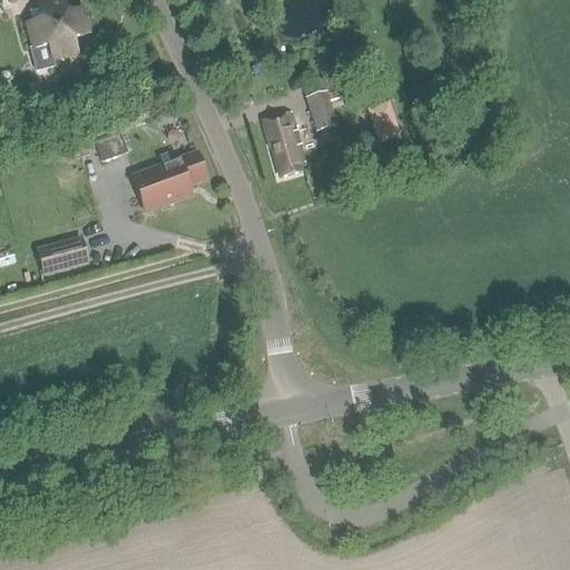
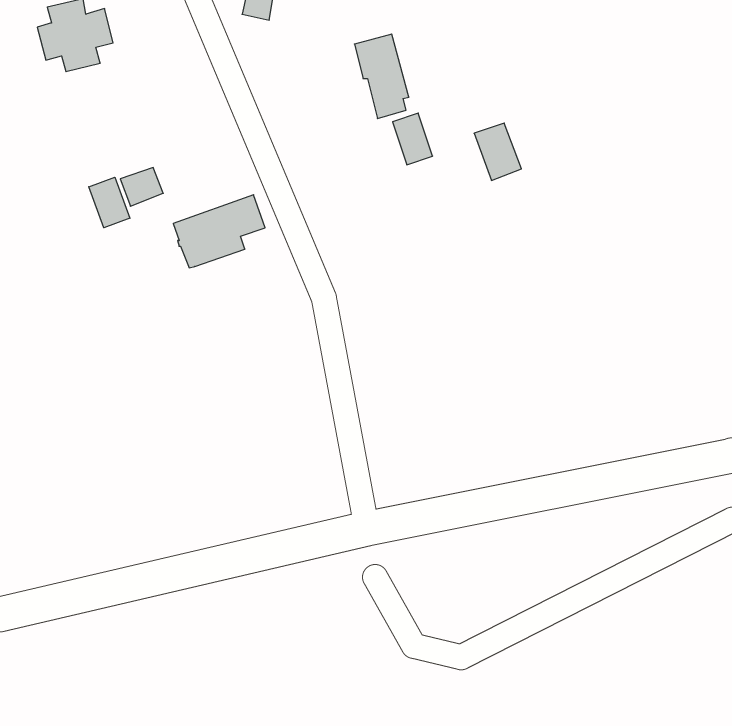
building: [262,109,304,175] -> [354,34,409,119]
building: none -> [89,177,130,228]
building: [37,236,87,273] -> none

